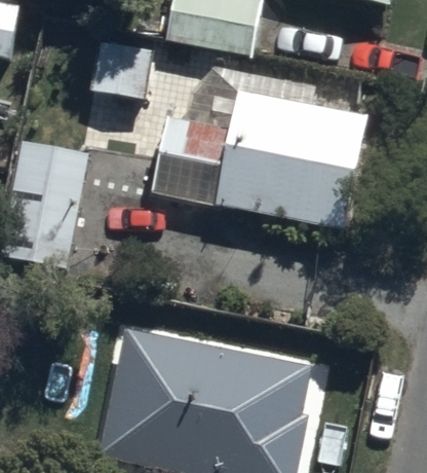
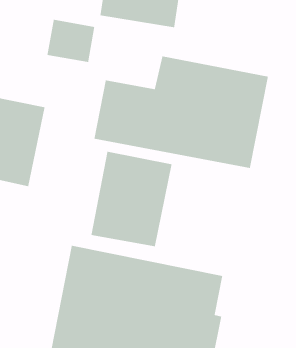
building: none -> [90,151,172,247]

